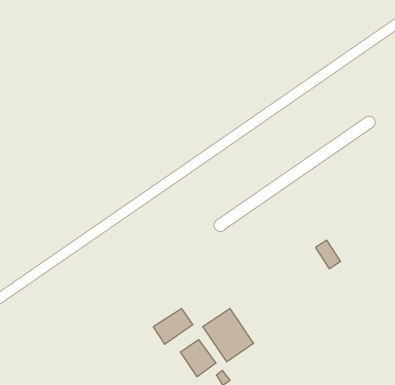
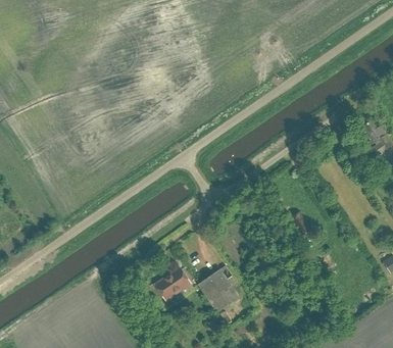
building: [180,340,216,377] -> none

